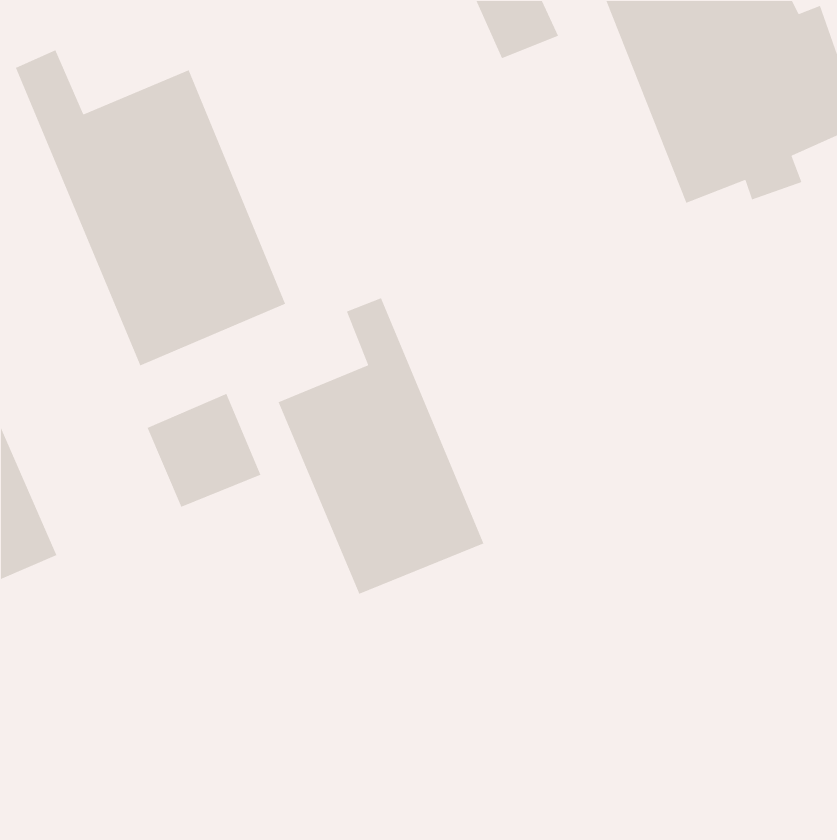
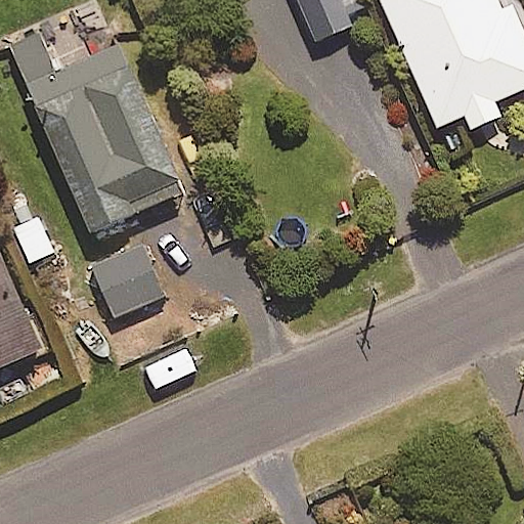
building: [277,297,484,595] -> none

